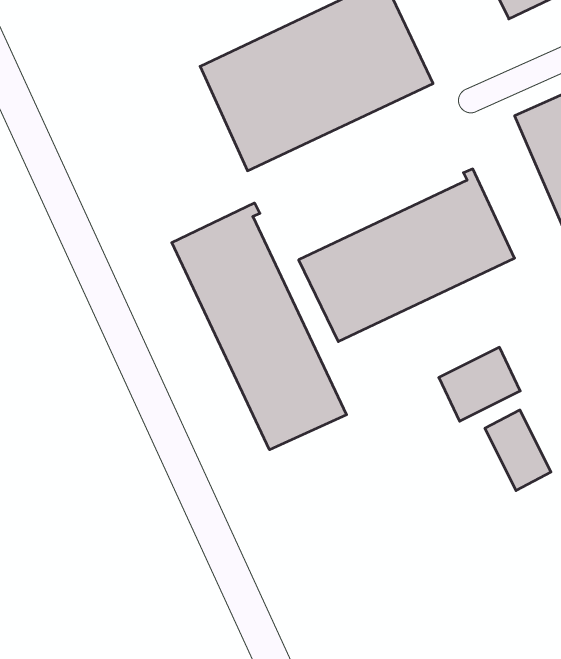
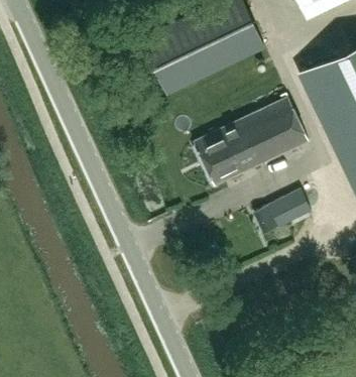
building: [172,203,347,450] -> none
building: [485,410,551,491] -> none

